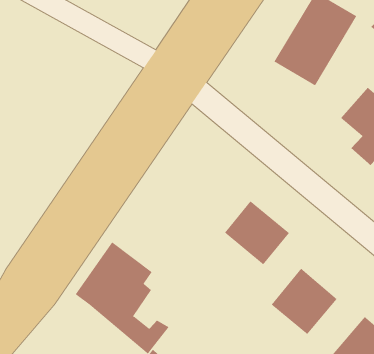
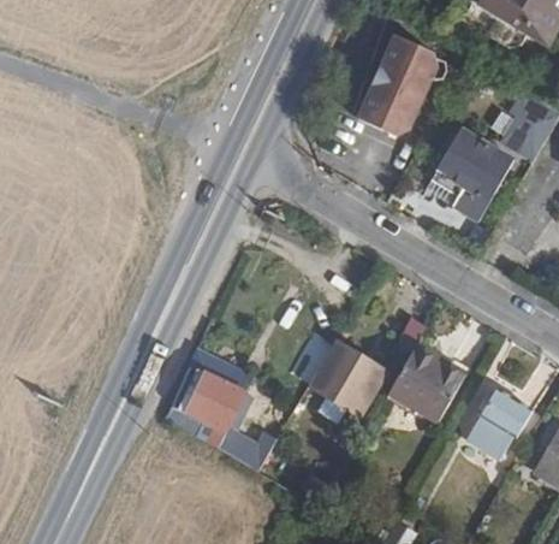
building: [224,201,290,265] -> [313,341,387,412]

